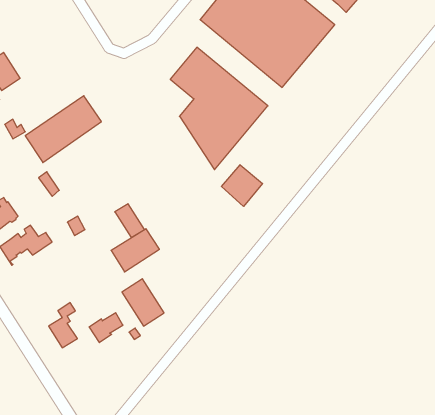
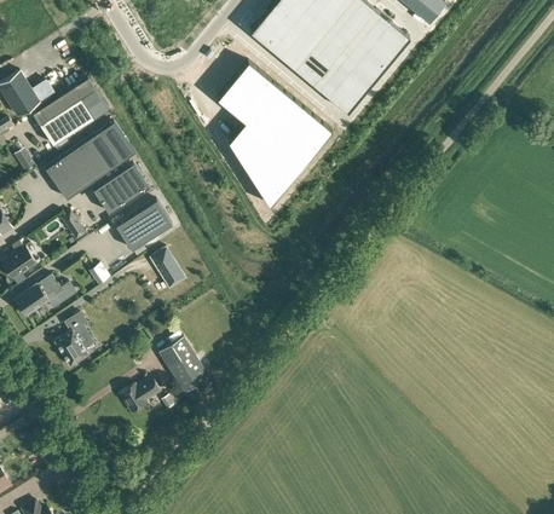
building: none -> [31,77,108,145]
building: none -> [92,162,149,213]
building: [221,165,263,206] -> none
building: [111,229,159,272] -> [115,200,172,250]
building: [49,303,77,348] -> [54,312,88,365]

